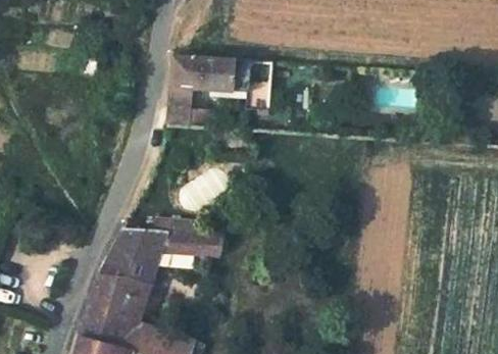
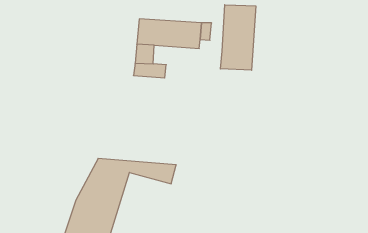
building: none -> [220,5,256,70]

